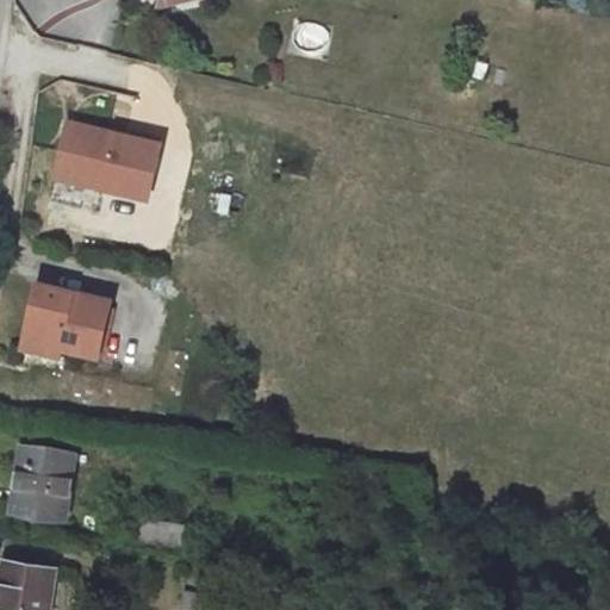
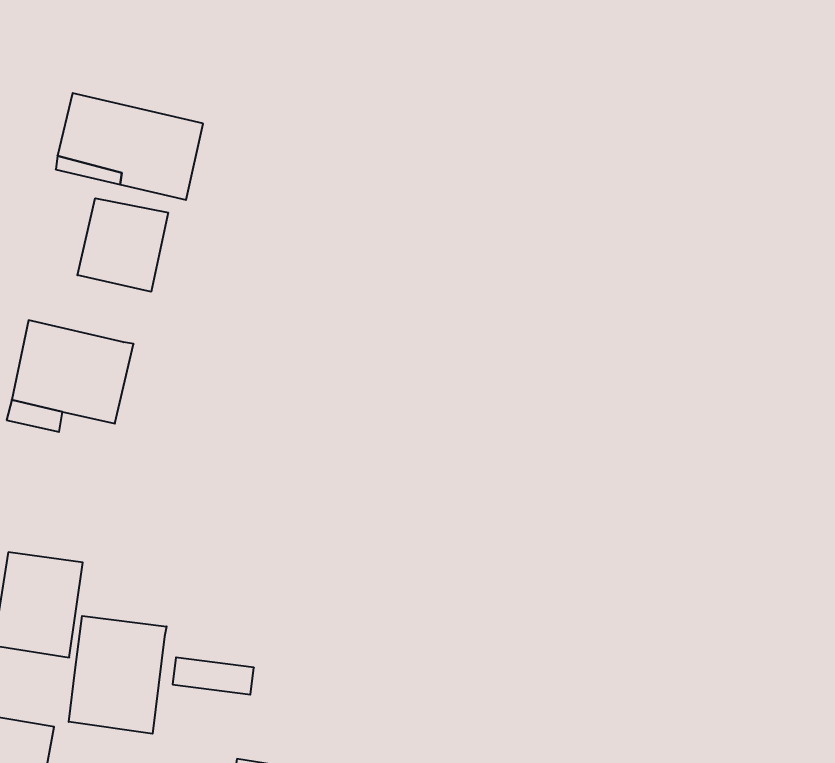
building: none -> [77,198,168,292]
building: none -> [69,616,167,734]

